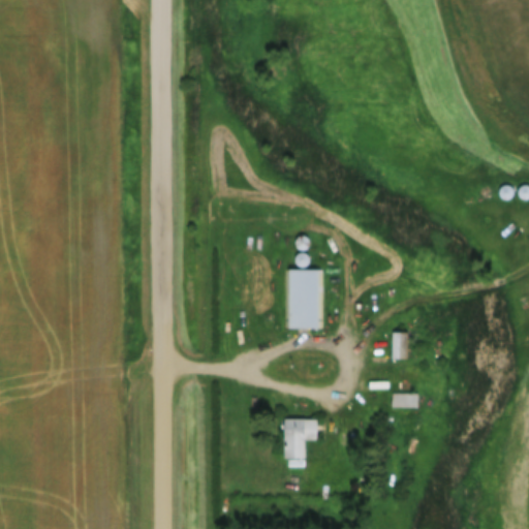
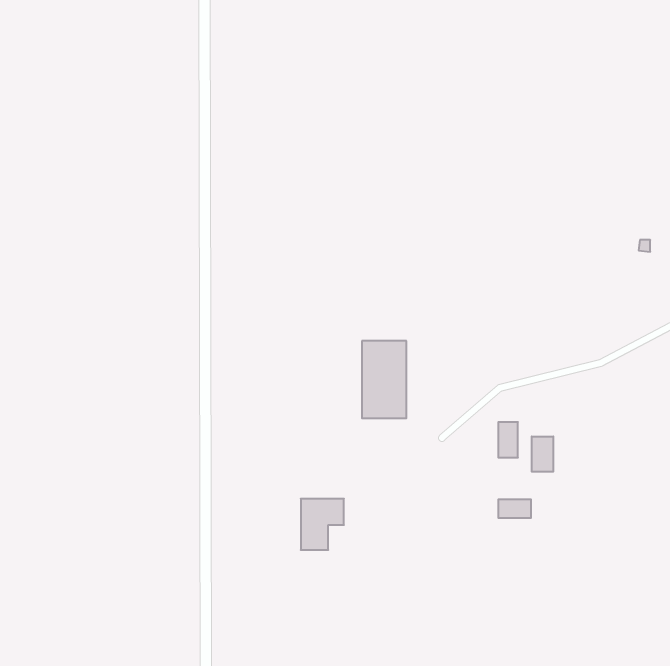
building: none -> [532,436,553,472]
building: [285,419,319,460] -> [301,499,344,550]

